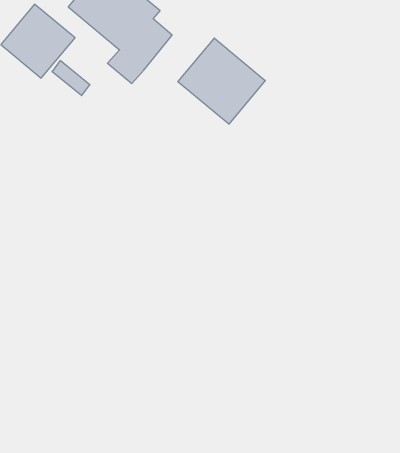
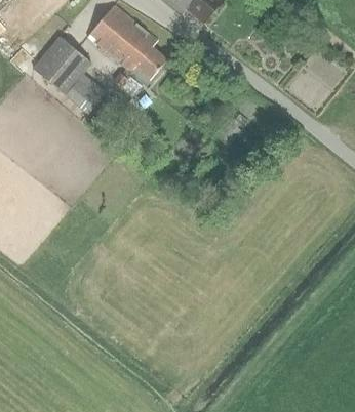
building: [178,38,265,124] -> none

